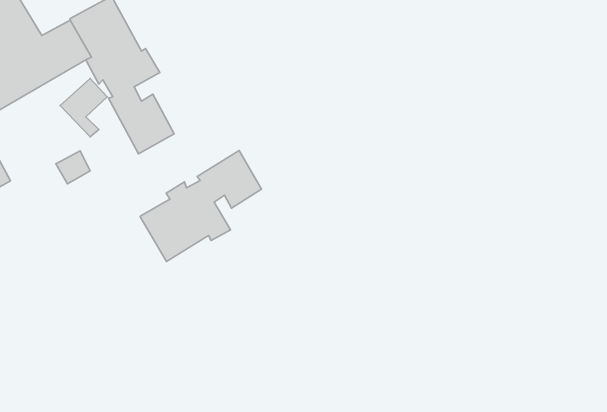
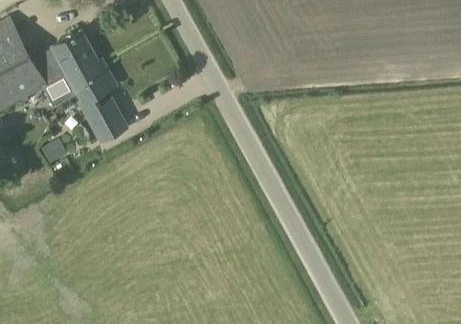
building: [140,150,262,262] -> none

